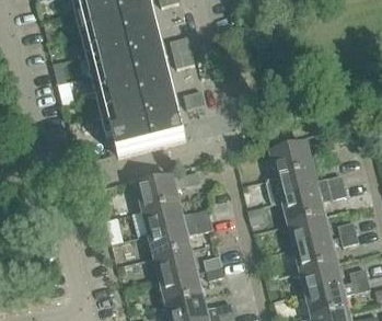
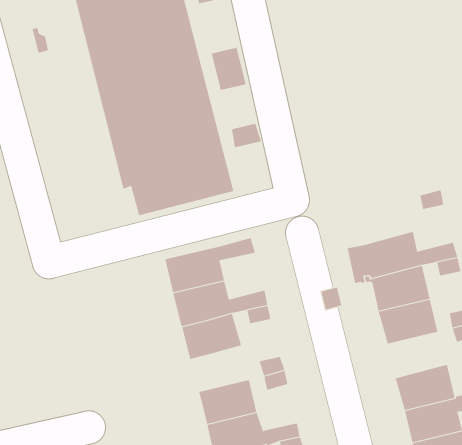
building: [270,144,313,176] -> none
building: [294,238,337,271] -> none
building: [154,248,197,280] -> none

